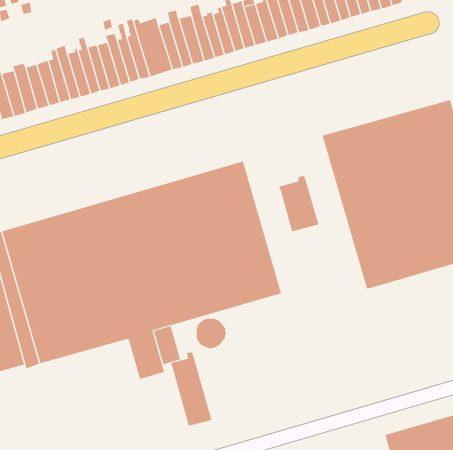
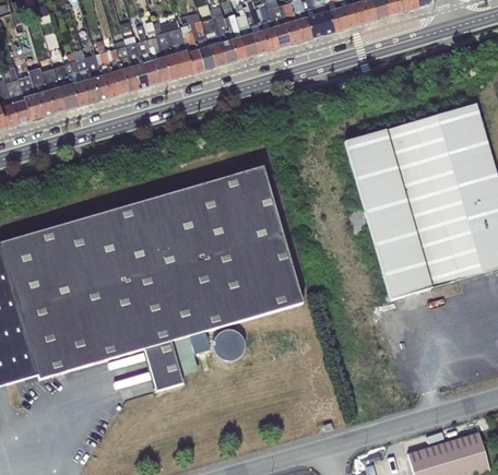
building: [279,175,319,232] -> none
building: [170,352,212,427] -> none

